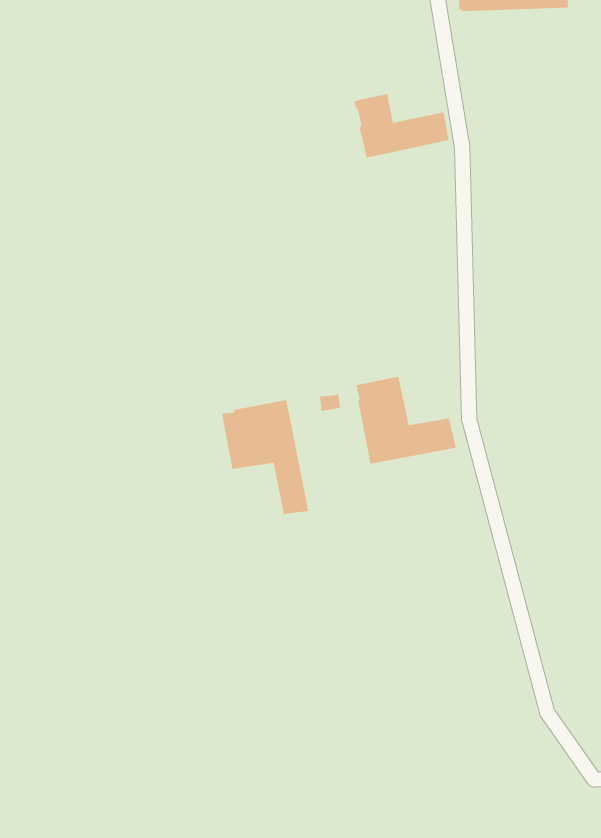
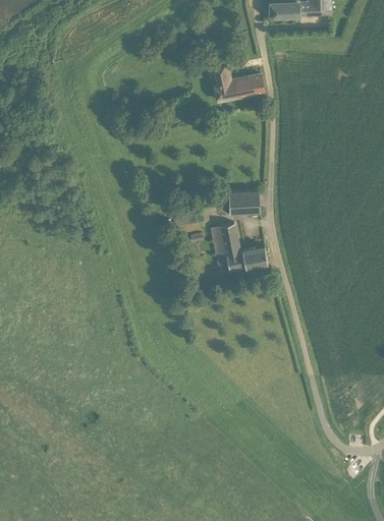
building: none -> [228,189,260,211]
building: [221,399,309,515] -> none

